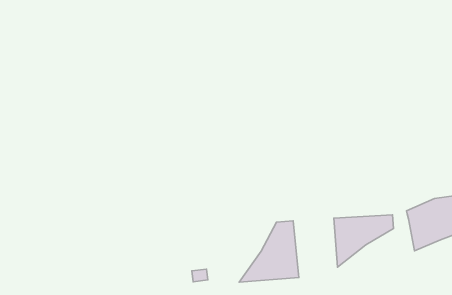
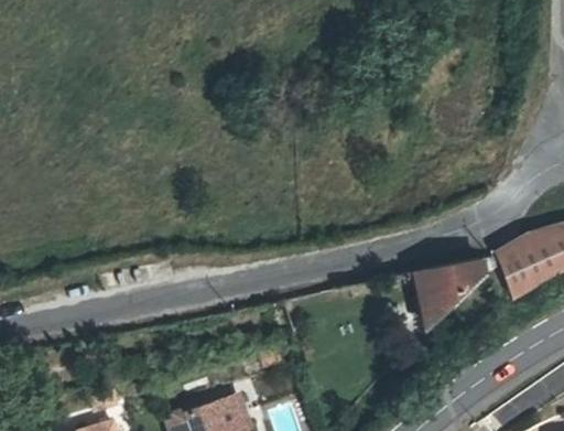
building: [239,221,299,282] -> none

